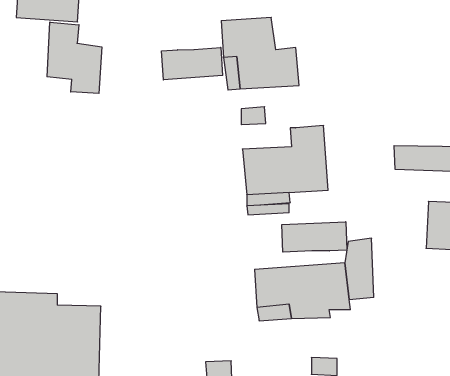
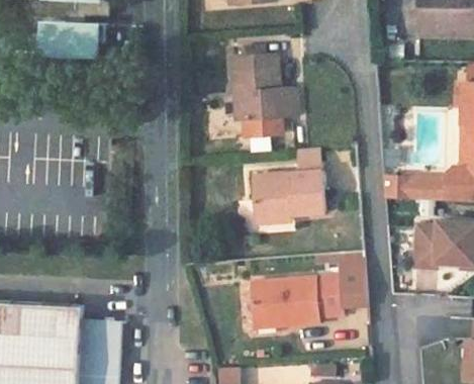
building: [47,22,102,93] -> none
building: [162,47,223,80] -> none
building: [282,222,347,252] -> none

